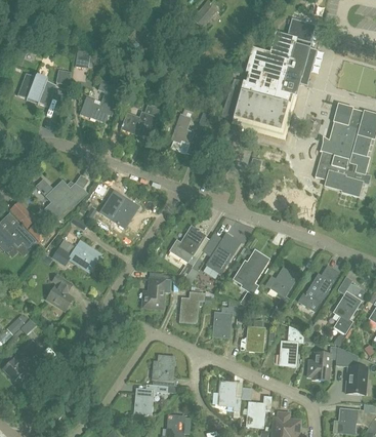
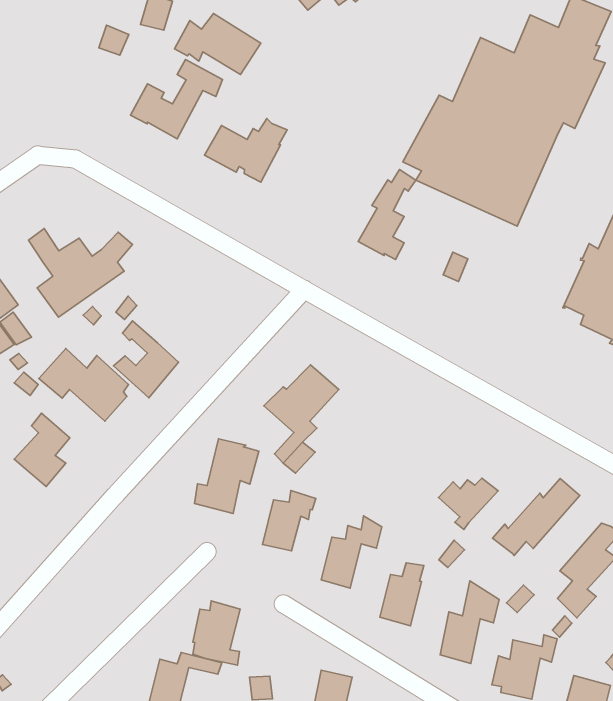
building: none -> [174,13,261,74]
building: [17,73,56,107] -> none
building: [169,108,194,154] -> [358,170,416,259]
building: [103,189,136,227] -> [113,321,178,398]
building: [203,233,242,278] -> none
building: [237,250,266,306] -> none

